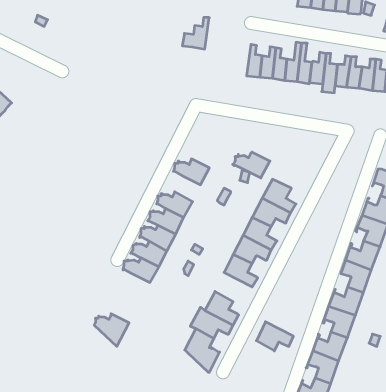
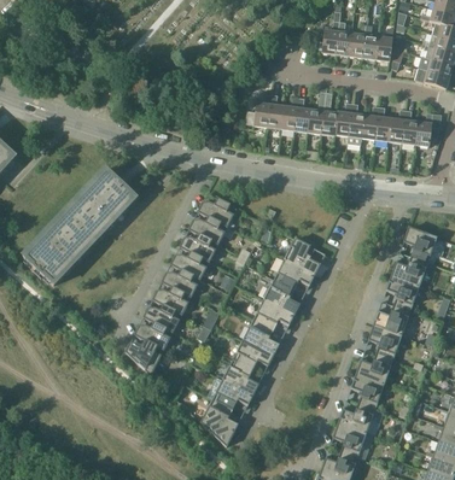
building: [182,18,209,49] -> [243,93,272,127]
building: none -> [22,168,136,285]
building: [233,152,270,178] -> [197,198,237,226]
building: none -> [179,234,217,262]
building: [94,314,129,346] -> [126,339,163,374]
building: [256,322,293,351] -> [233,338,273,369]

